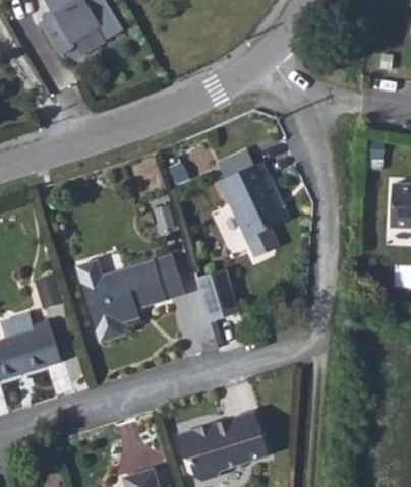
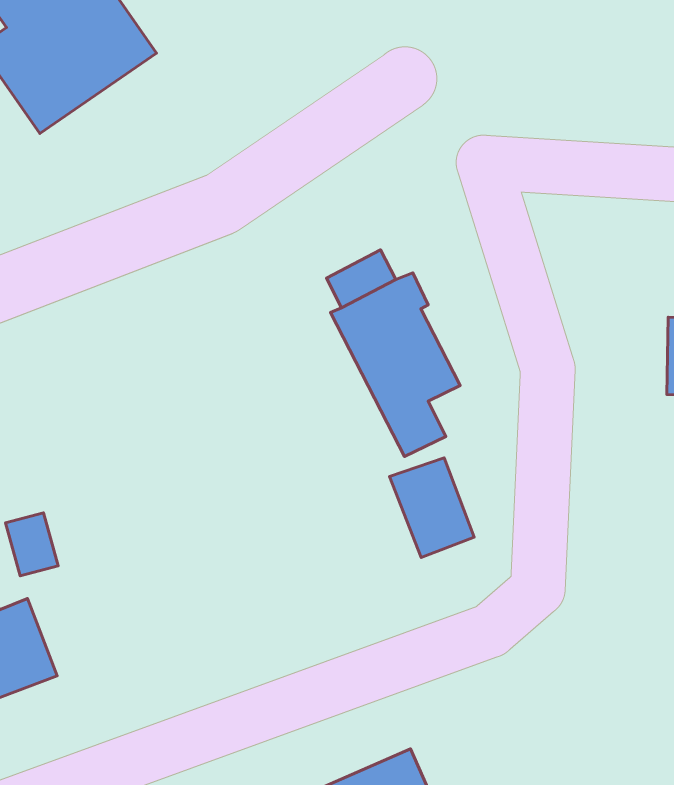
building: [74,250,182,336] -> none
building: [195,265,238,317] -> [389,458,474,558]

